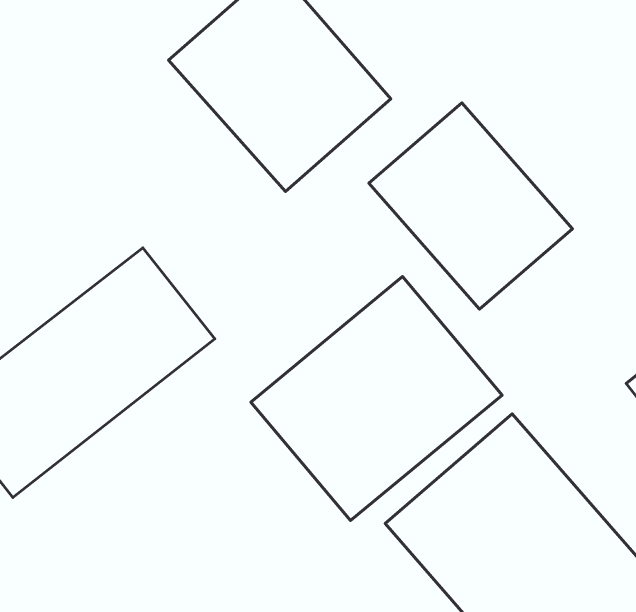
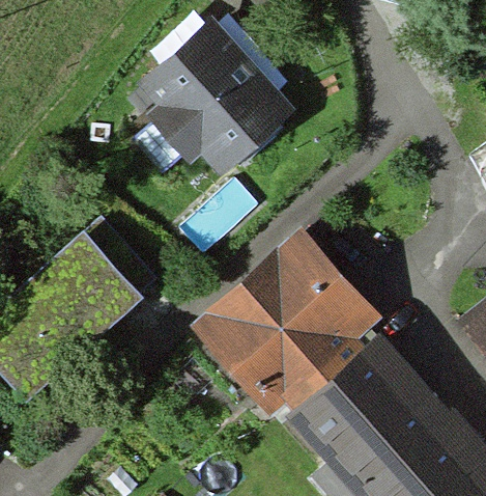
building: [369,103,572,309] -> none

